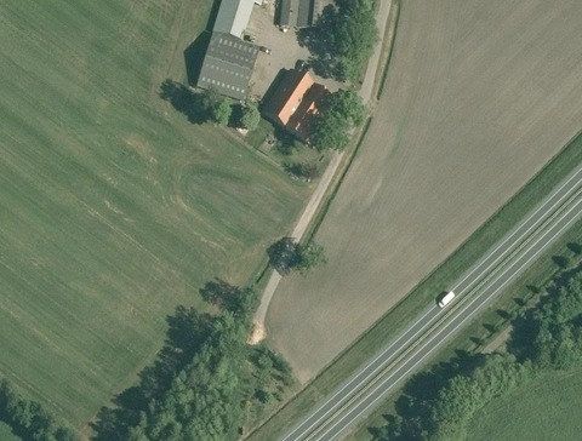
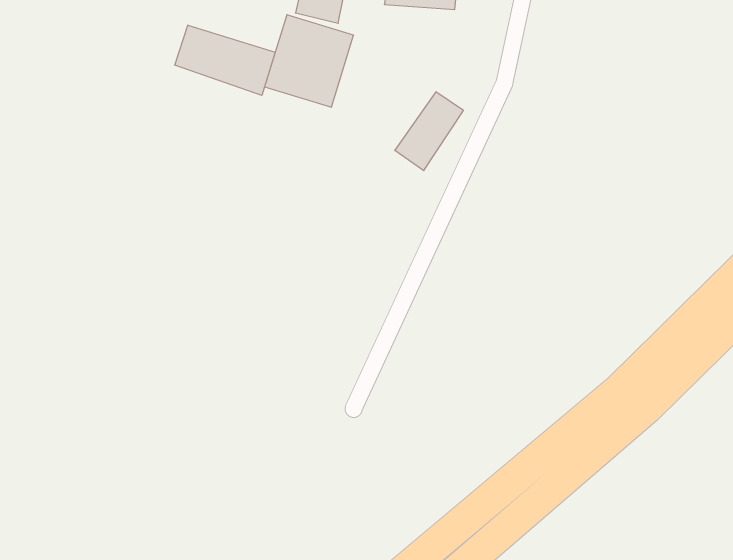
building: none -> [175,25,275,95]
building: [261,64,316,125] -> none

